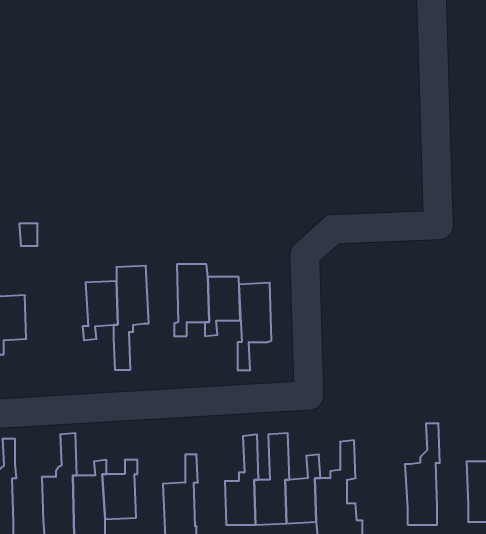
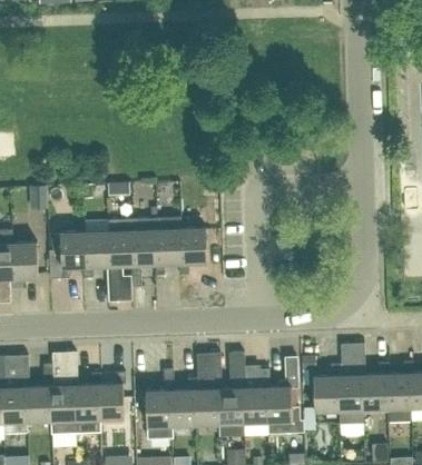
building: none -> [48,233,87,279]
building: [238,283,271,370] -> [131,218,158,287]
building: none -> [362,363,390,409]
building: none -> [27,364,53,422]
building: none -> [313,365,342,412]
building: none -> [170,378,198,425]

